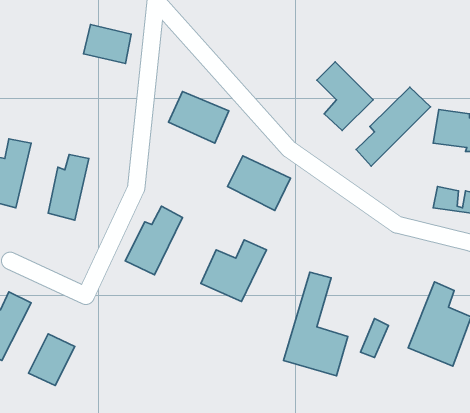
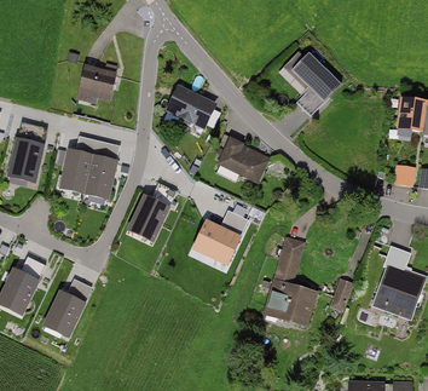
building: [84,24,131,64] -> [75,65,116,99]
building: [356,87,430,166] -> none
building: none -> [83,140,116,199]

